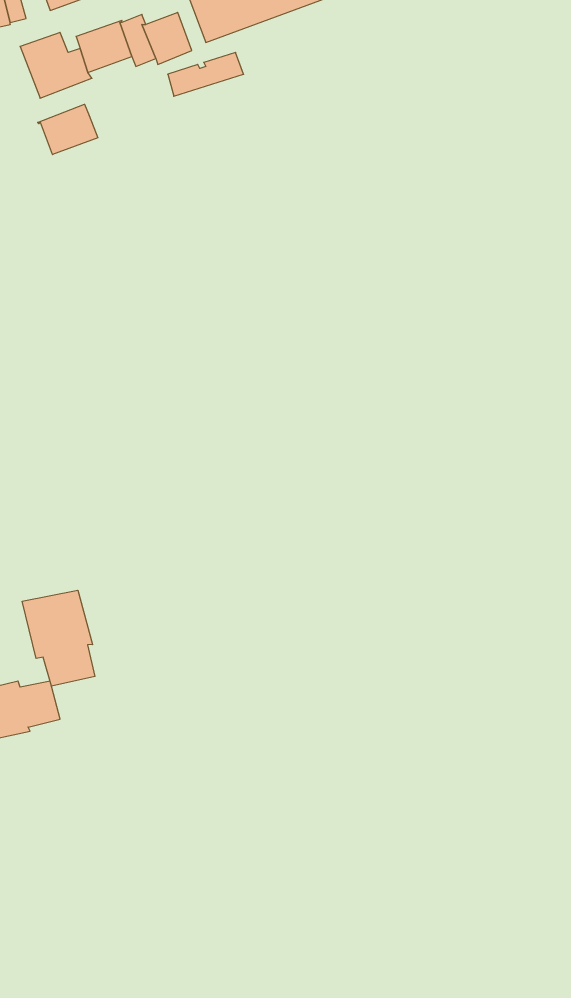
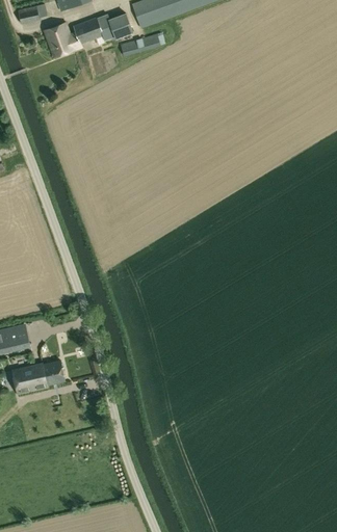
building: [38,104,98,155] -> none
building: [22,590,95,686] -> none

